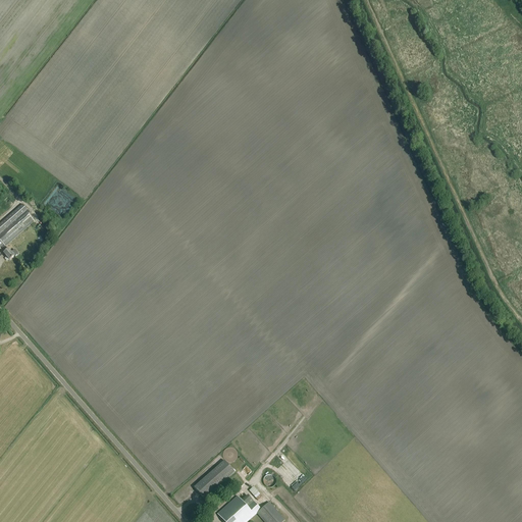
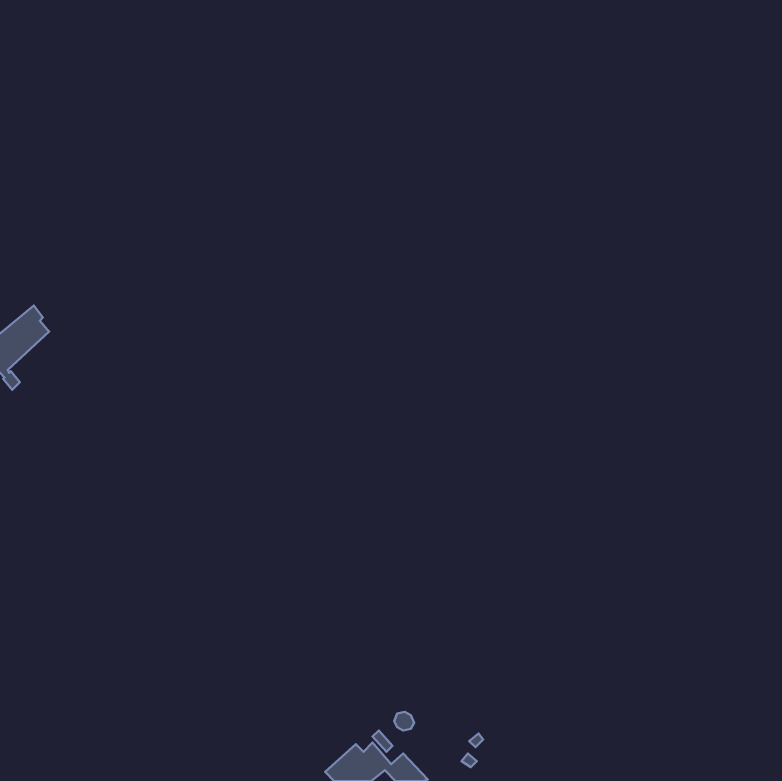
building: [193,459,233,498] -> none

